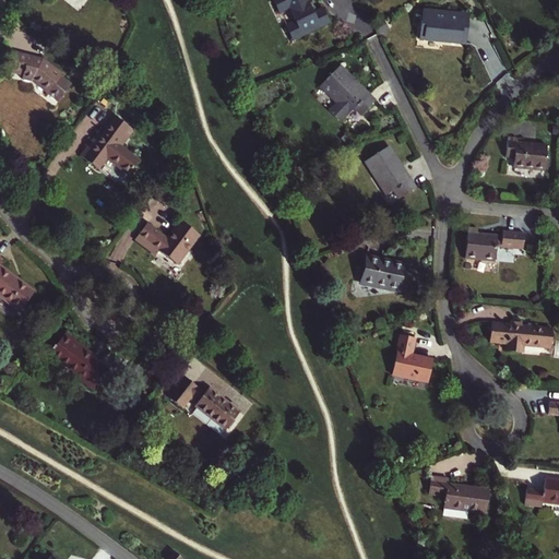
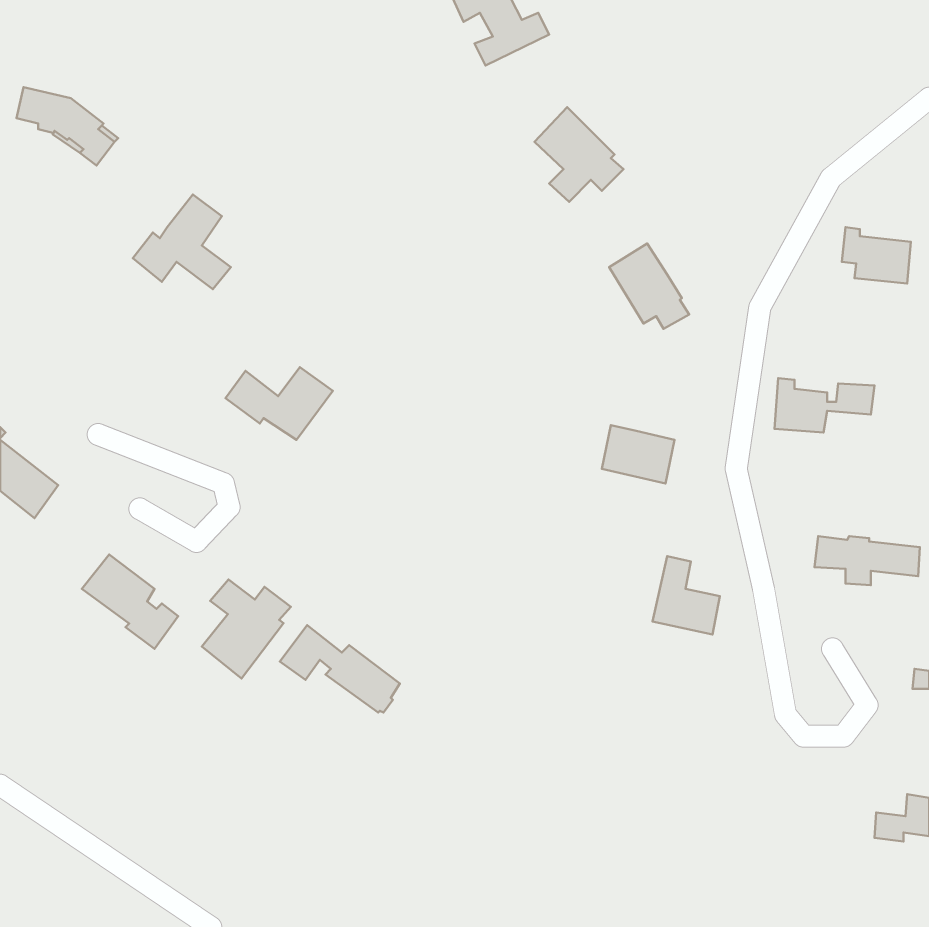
building: [420,10,468,43] -> none
building: none -> [202,579,291,678]
building: [428,475,489,518] -> none

